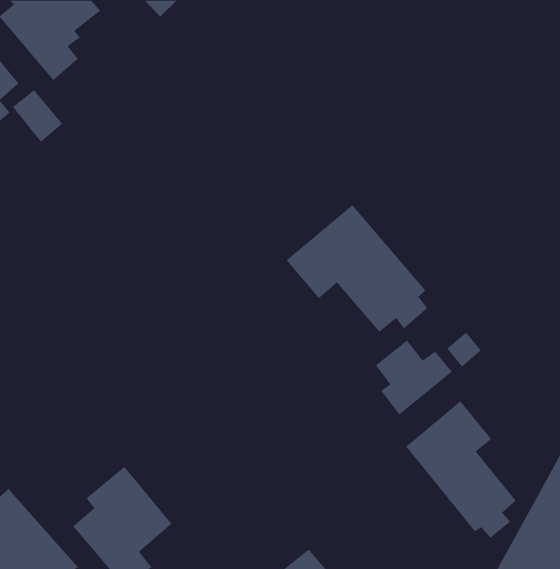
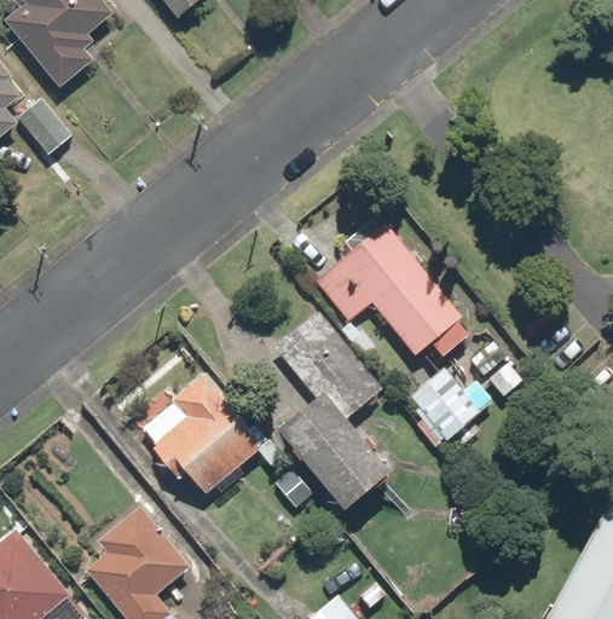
building: none -> [273,310,392,514]
building: none -> [146,370,266,497]
building: [405,400,516,539] -> none

